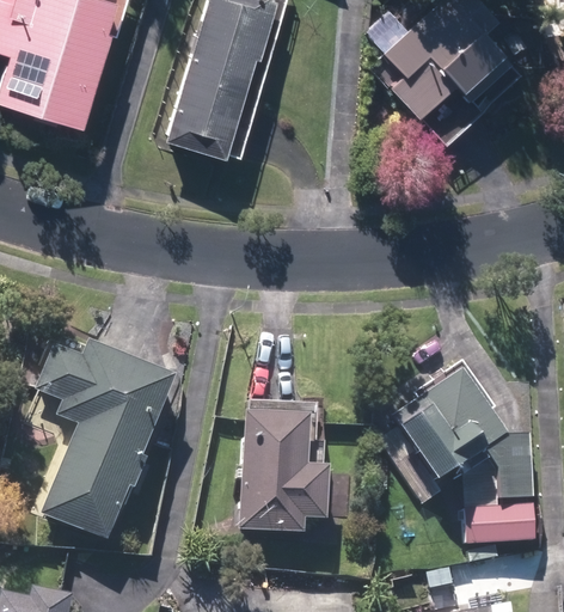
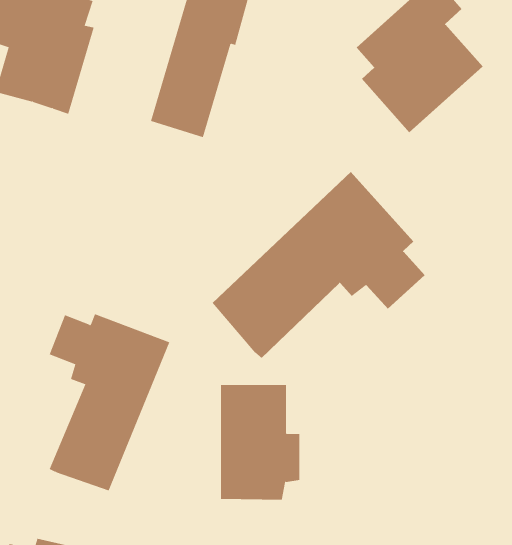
building: none -> [212,171,426,359]
building: [376,354,526,497] -> none
building: [476,504,540,555] -> none

